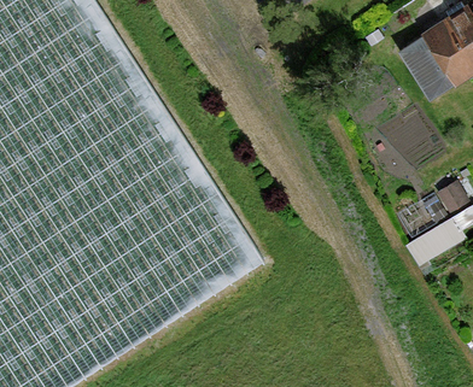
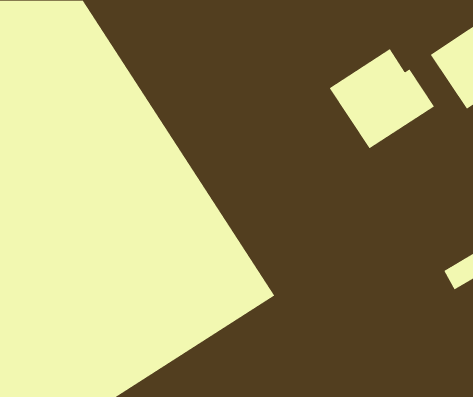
building: none -> [329,48,435,149]

